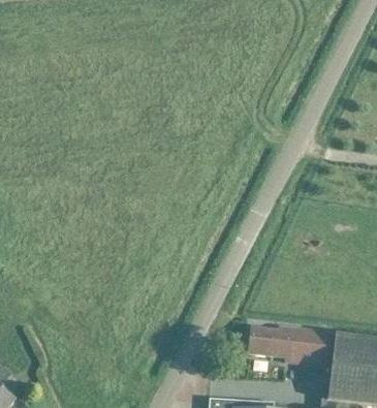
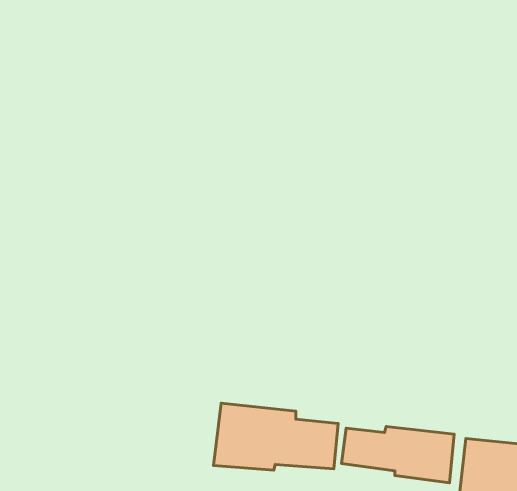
building: none -> [214,403,338,470]

